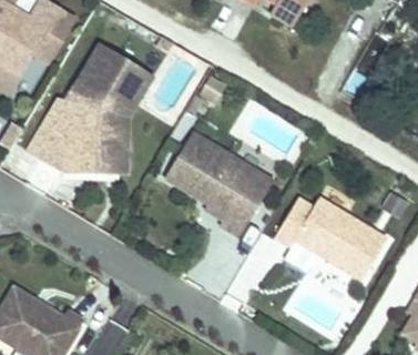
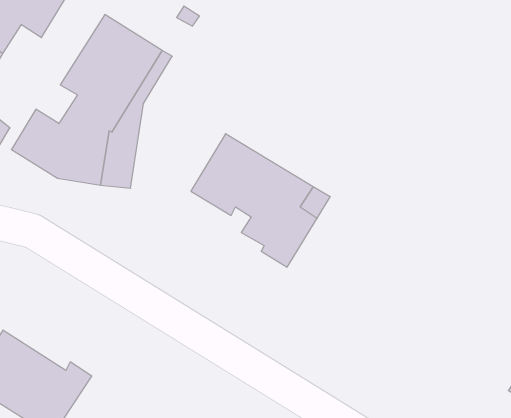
building: [279,196,391,280] -> none

